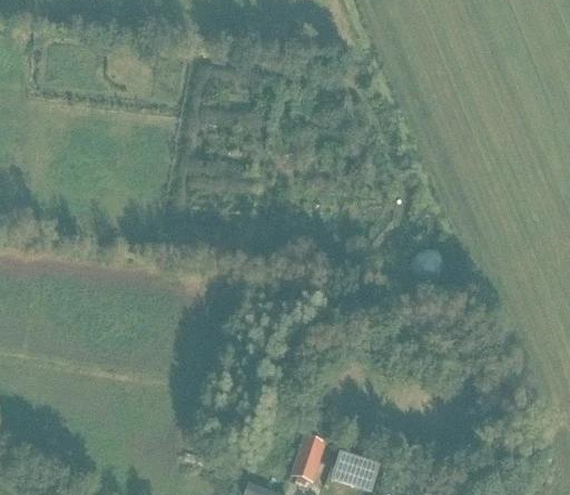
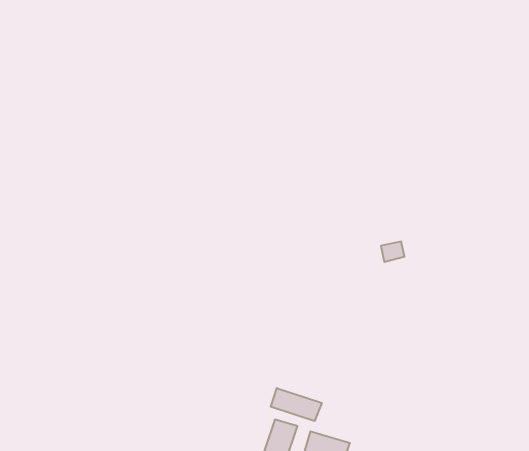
building: none -> [271,388,322,421]

